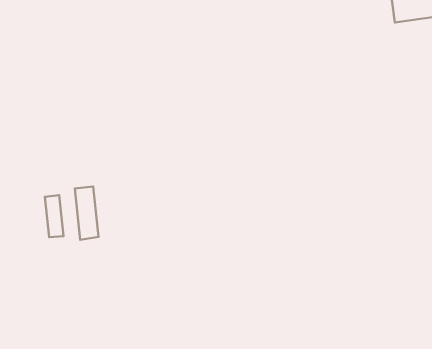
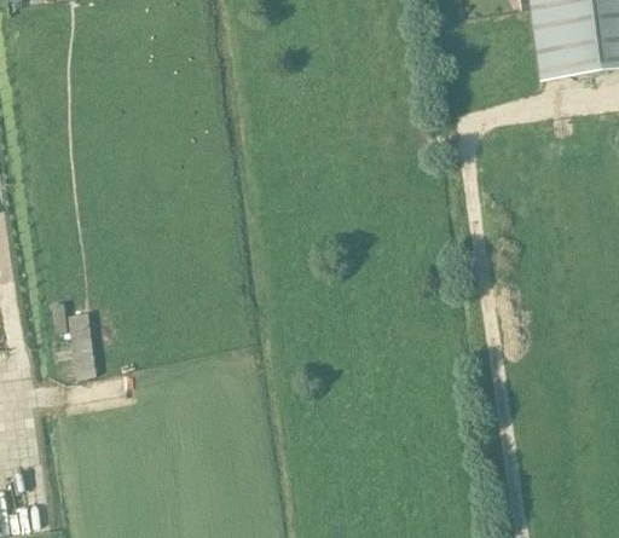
building: [75,187,98,240] -> none

